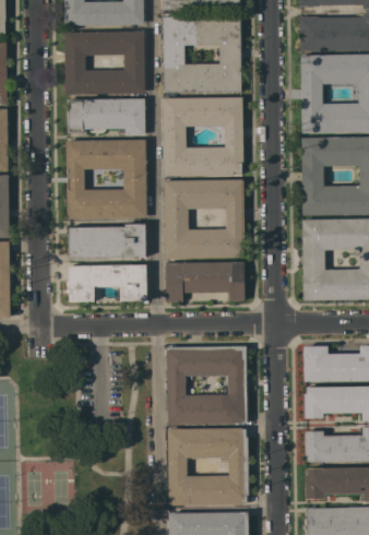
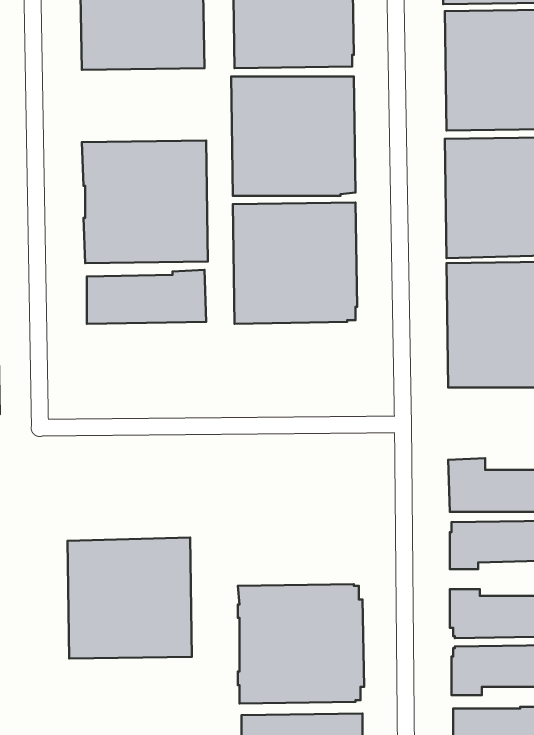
building: [67,99,145,136] -> none
building: [166,262,245,302] -> none
building: [67,265,146,302] -> none
building: [166,346,247,425] -> [68,537,192,658]

